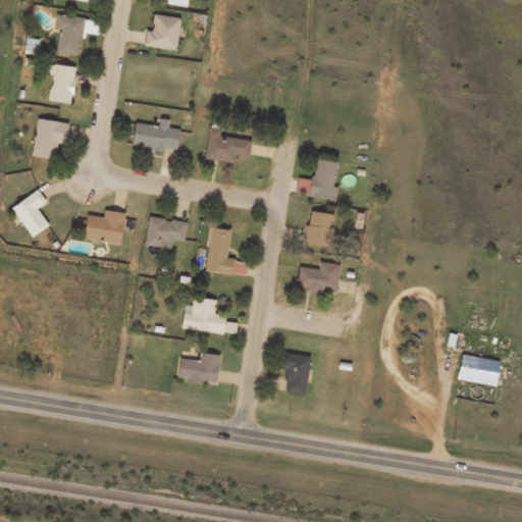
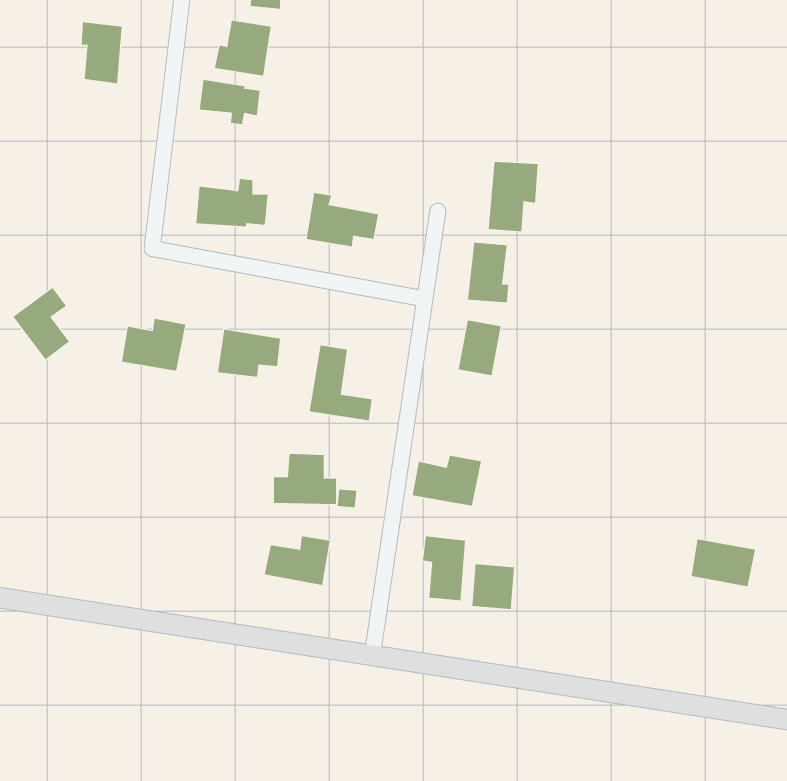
building: none -> [199,79,260,125]
building: [50,63,77,103] -> none
building: none -> [488,161,538,232]
building: [33,117,66,159] -> none
building: [297,261,343,295] -> [412,455,482,506]
building: none -> [472,564,515,610]

